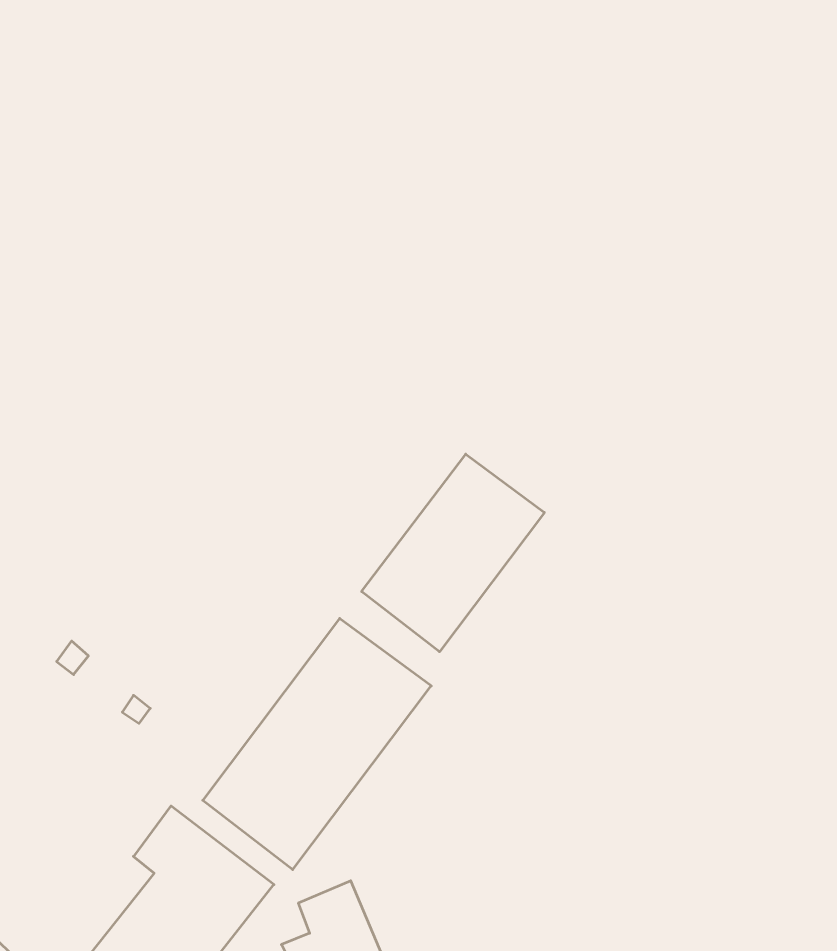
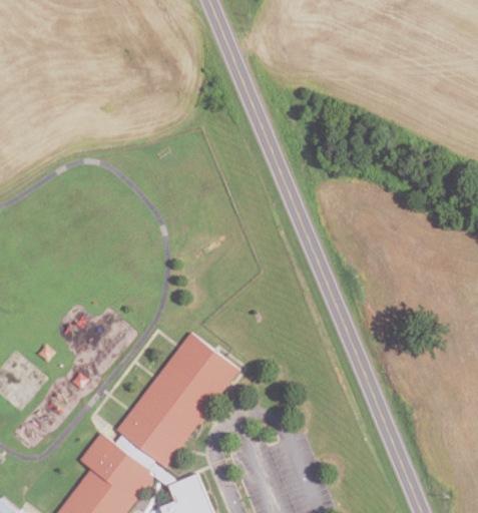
building: [362,454,544,652] -> none

